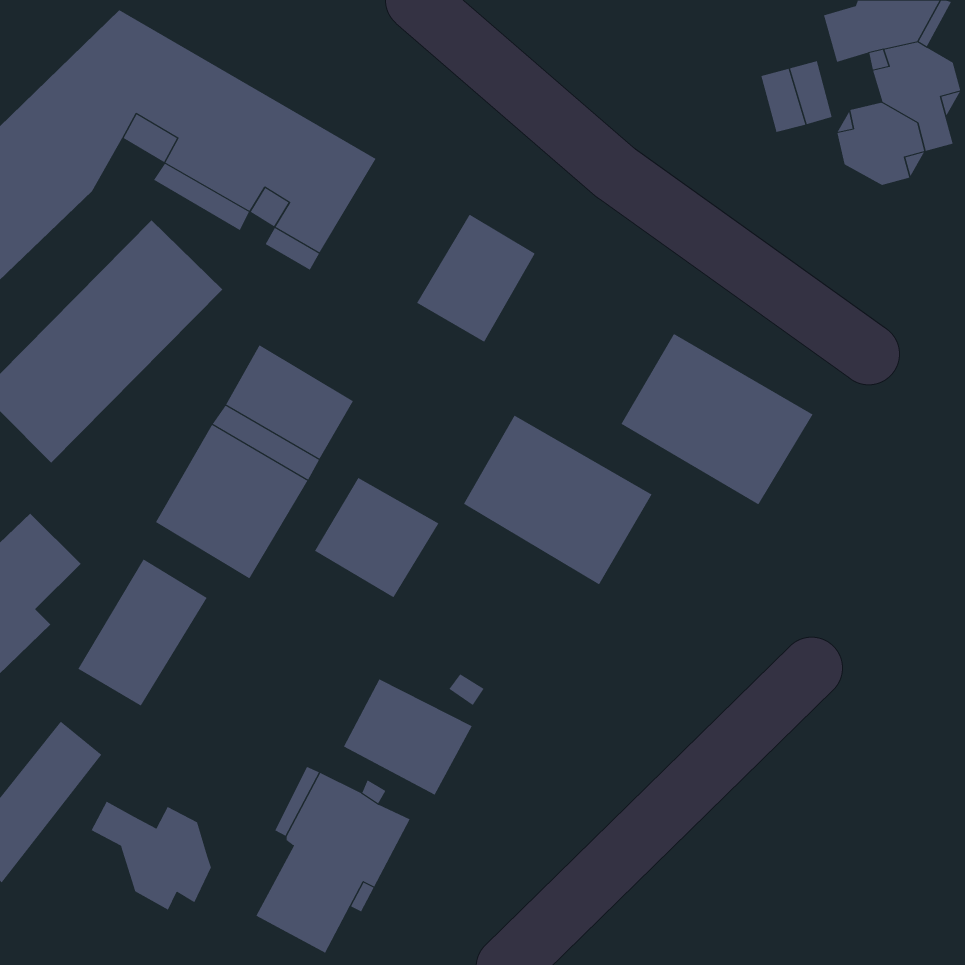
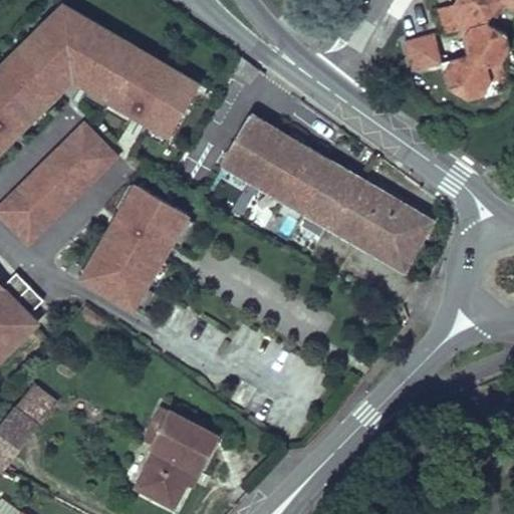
building: [463,415,652,585] -> [257,136,357,226]
building: [314,477,439,598] -> none
building: [78,558,208,706] -> none
building: [343,679,473,795] -> none
building: [91,801,212,911] -> none

